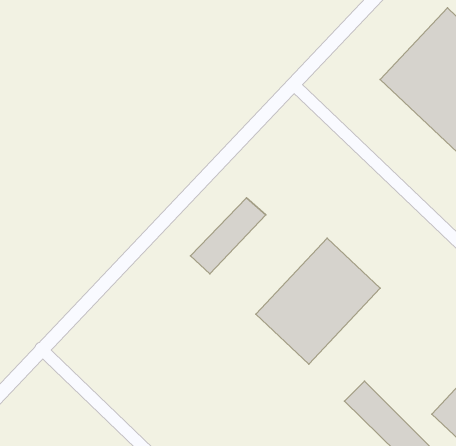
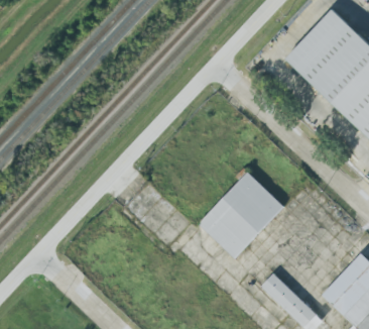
building: [191,198,266,274] -> none

